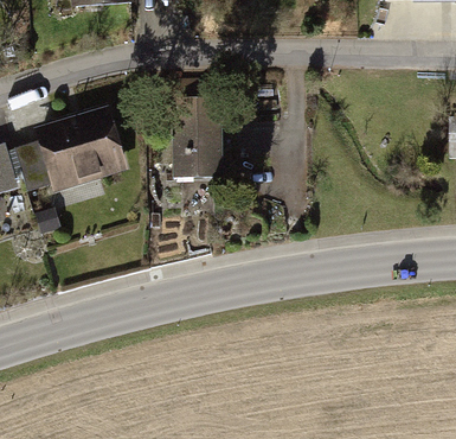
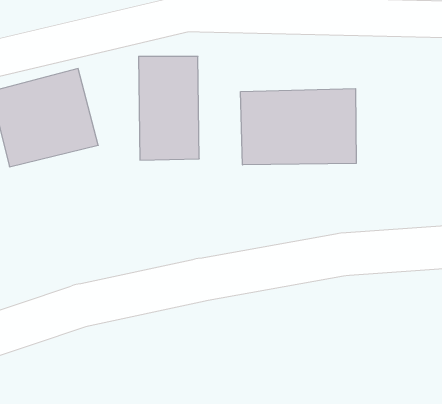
building: none -> [241,89,356,165]

